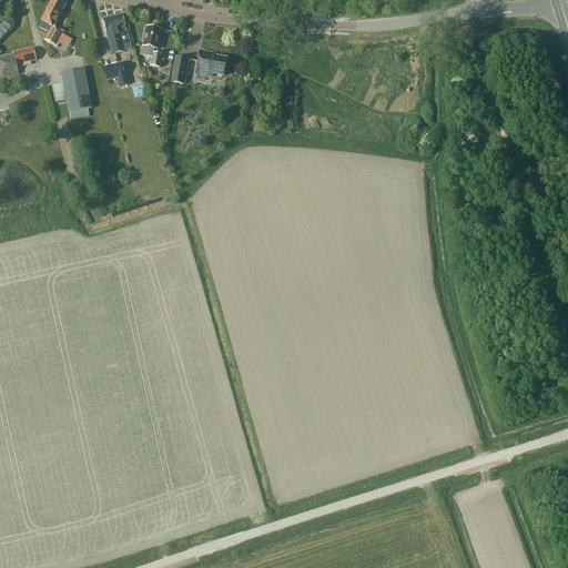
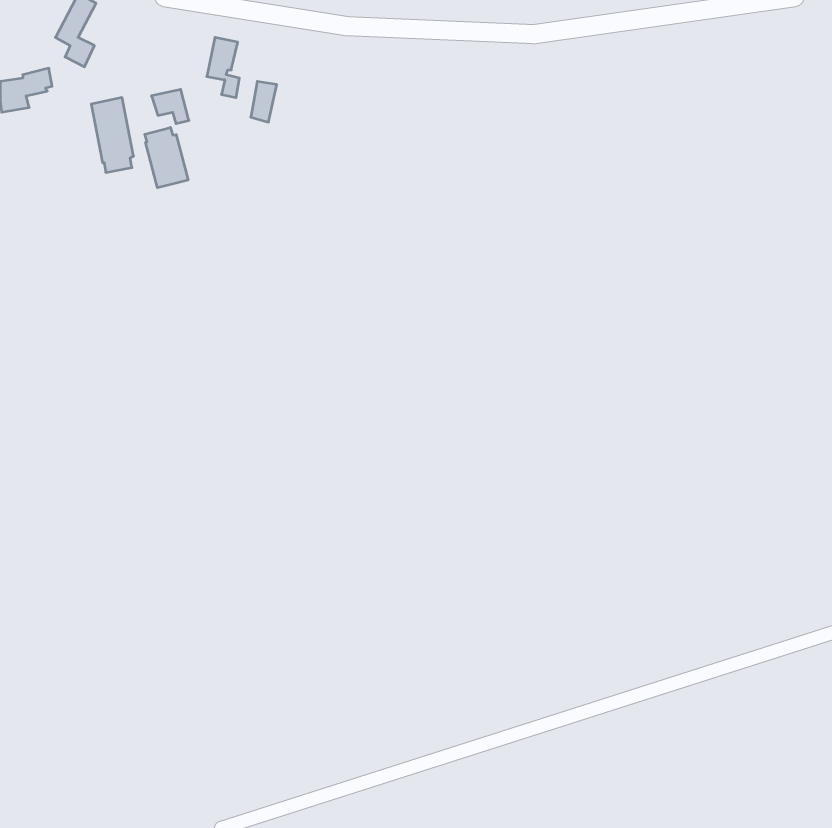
building: [103,13,132,53] -> none
building: [195,50,226,75] -> none
building: none -> [145,127,188,188]

